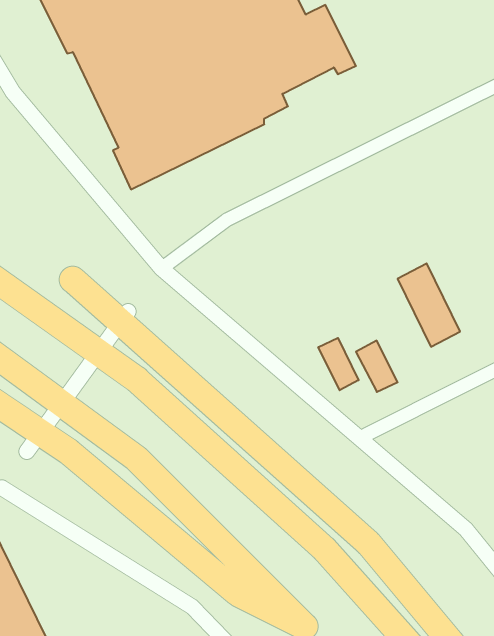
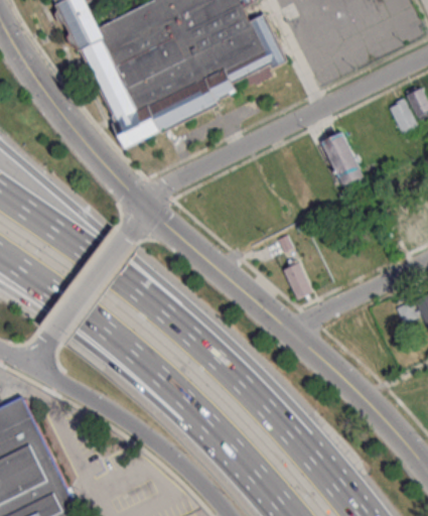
building: [398,263,460,347] -> [321,129,367,189]
building: [318,338,359,390] -> none

